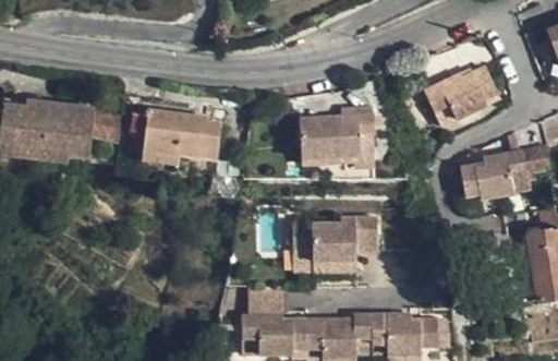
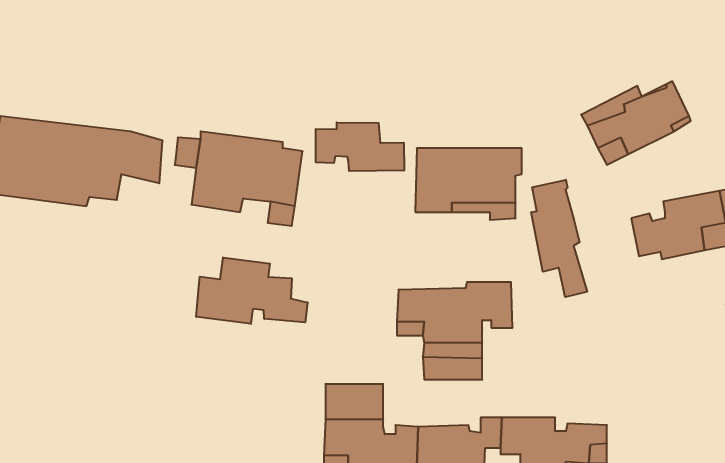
building: none -> [316,122,404,171]
building: none -> [531,180,587,297]
building: none -> [196,257,308,324]

